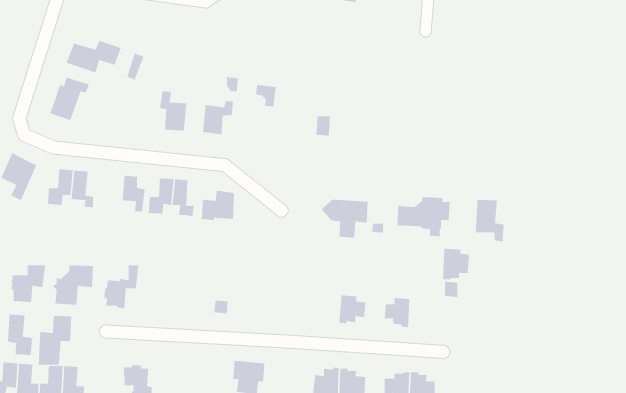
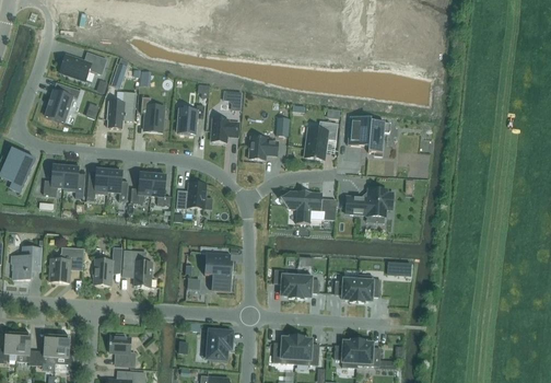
building: none -> [107,92,137,129]
building: none -> [347,116,390,155]
building: none -> [211,118,238,142]
building: none -> [305,121,338,160]
building: none -> [248,137,278,160]
building: none -> [86,169,109,199]
building: [475,199,504,243] -> none
building: [442,248,470,280] -> [356,275,380,302]
building: none -> [122,251,154,288]
building: none -> [204,252,232,292]
building: none -> [274,270,297,298]
building: [7,314,32,356] -> none
building: [38,315,72,366] -> none

